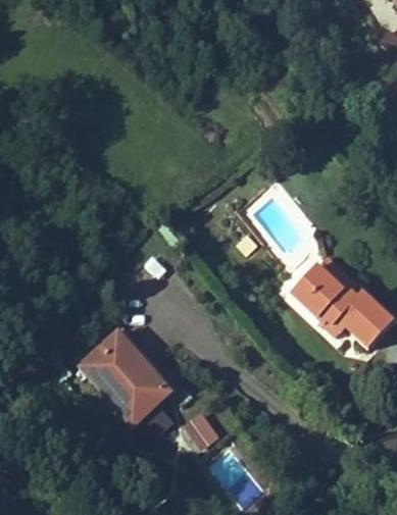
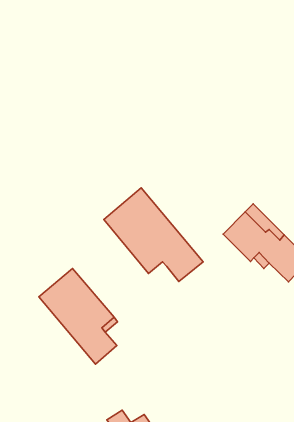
building: none -> [104,188,203,282]
building: [182,413,216,452] -> none

